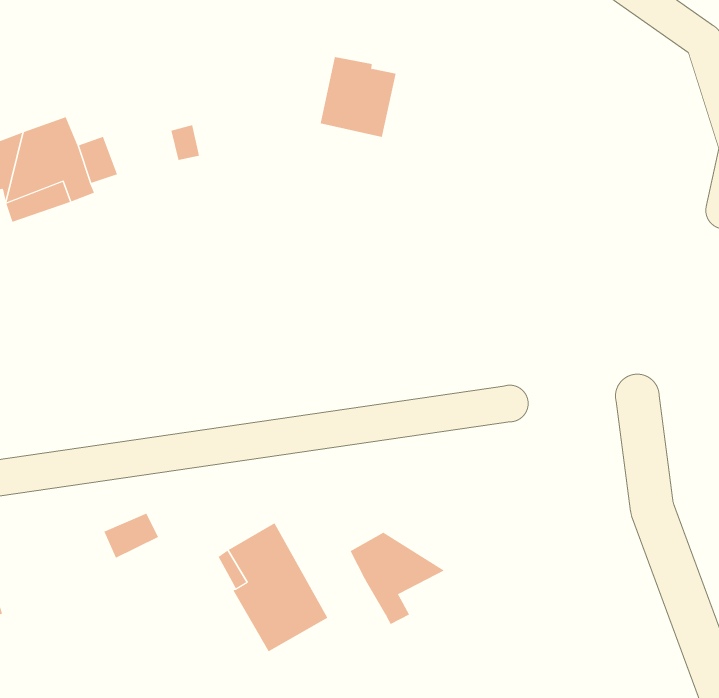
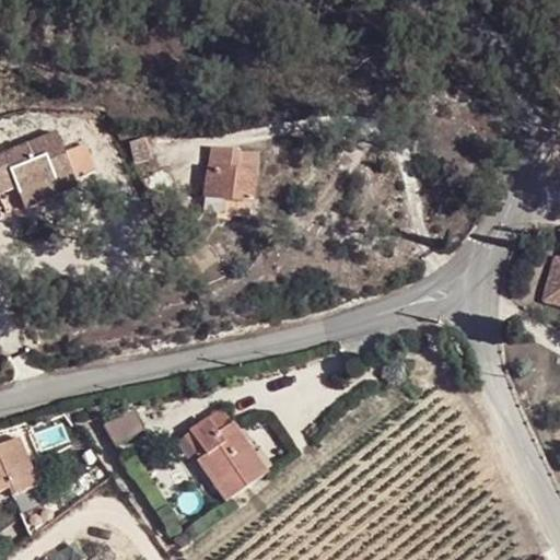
building: [320,56,396,137] -> [206,147,257,201]
building: [350,532,445,625] -> none

